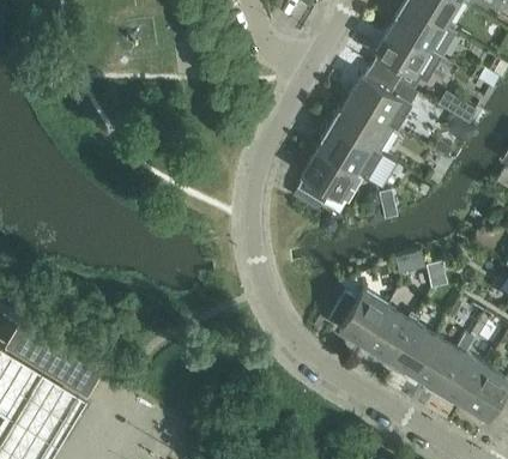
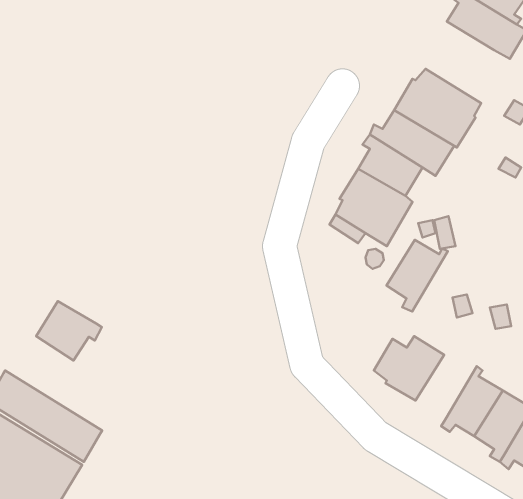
building: [373,28,443,85] -> none
building: none -> [36,301,102,361]
building: [364,307,416,367] -> [386,240,448,311]

